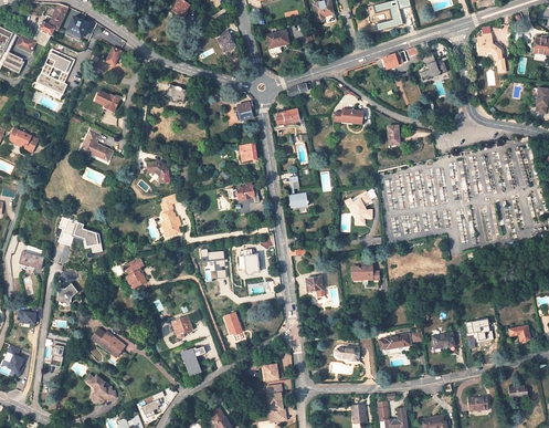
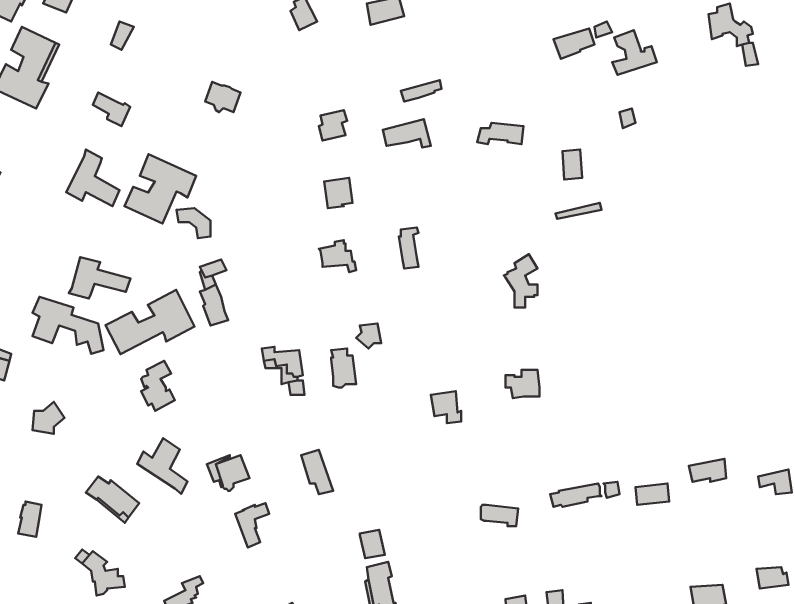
building: none -> [124,154,196,223]
building: none -> [69,257,130,298]
building: none -> [106,290,194,354]
building: none -> [137,438,187,494]

